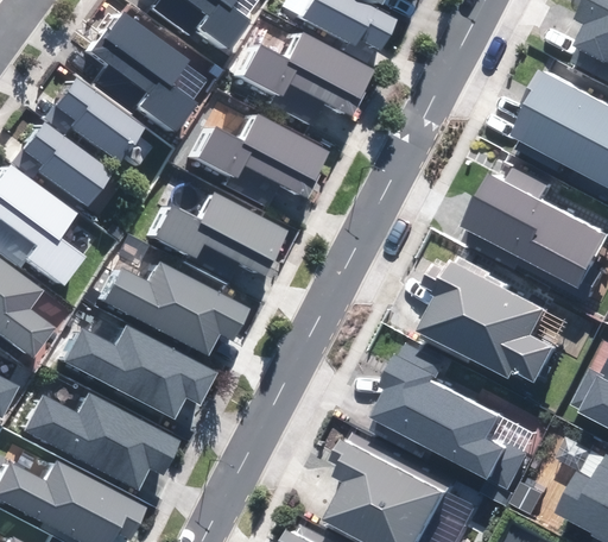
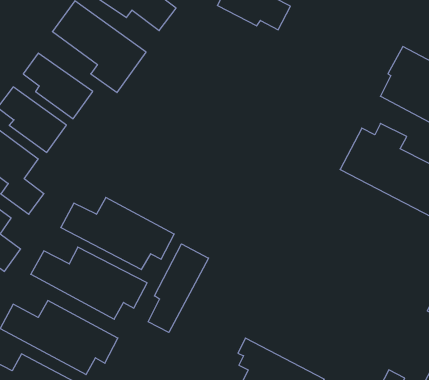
building: [245,33,374,115] -> none
building: [200,116,330,197] -> none
building: [157,194,287,276] -> none
building: [414,261,550,380] -> none
building: none -> [148,244,209,332]
building: [367,345,525,489] -> none

